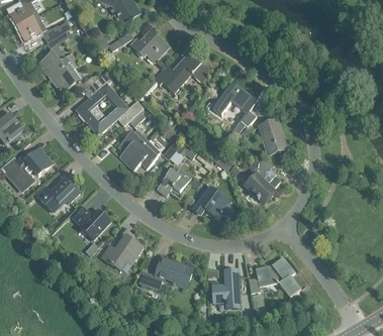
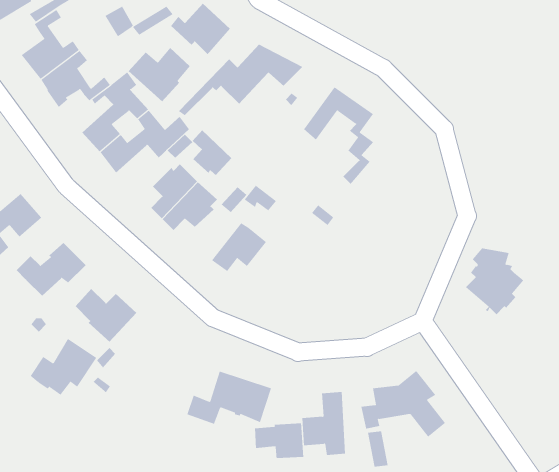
building: none -> [128,47,190,102]
building: none -> [192,130,232,176]
building: [259,119,285,155] -> none
building: [244,160,280,202] -> [465,248,524,315]
building: [193,187,231,218] -> none
building: [101,234,142,269] -> [30,338,97,396]
building: none -> [254,423,304,459]

